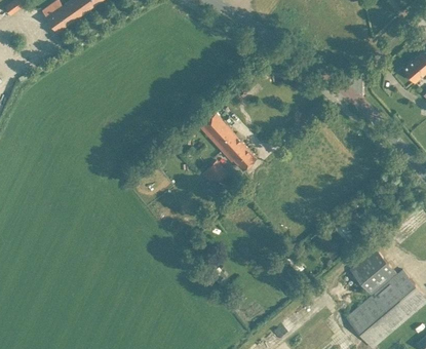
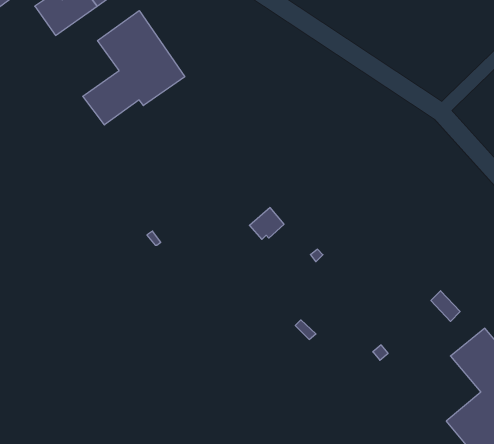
building: none -> [83,11,185,125]
building: [200,114,256,170] -> none

